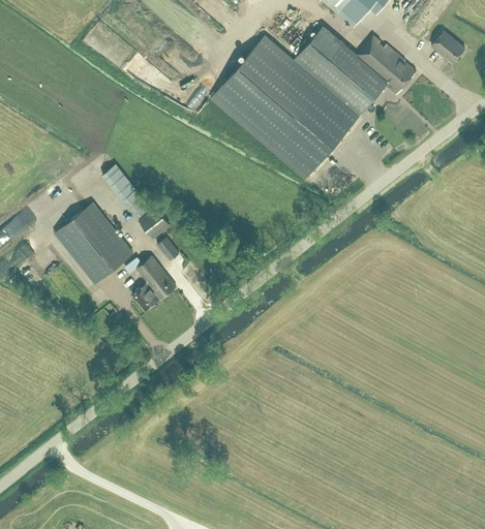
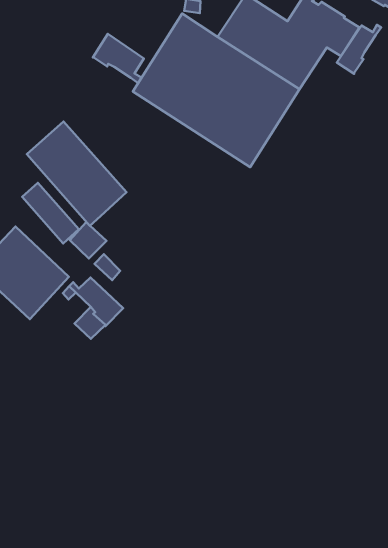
building: none -> [93,34,144,83]
building: none -> [337,25,381,74]
building: none -> [27,122,127,226]

